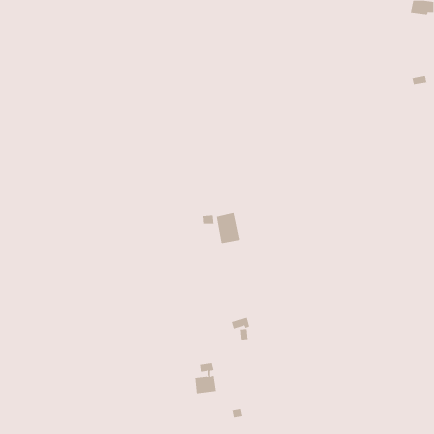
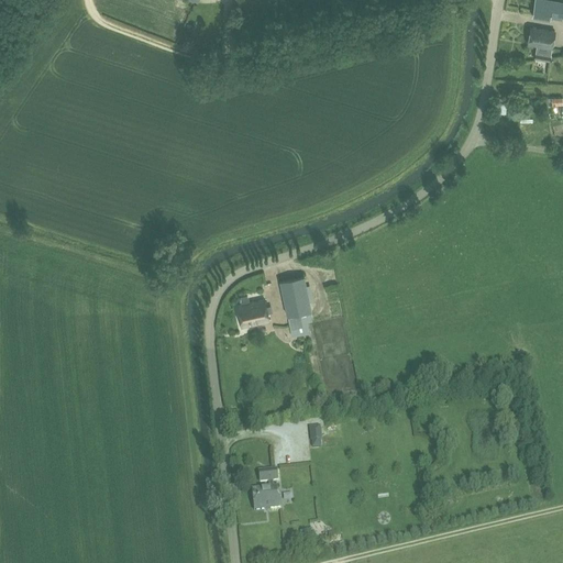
building: none -> [528,27,554,60]
building: none -> [235,296,269,328]

